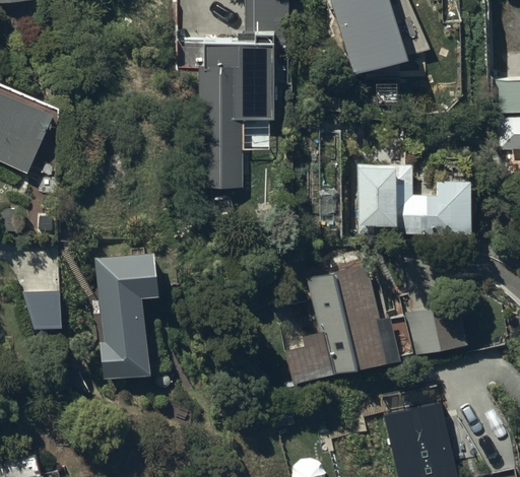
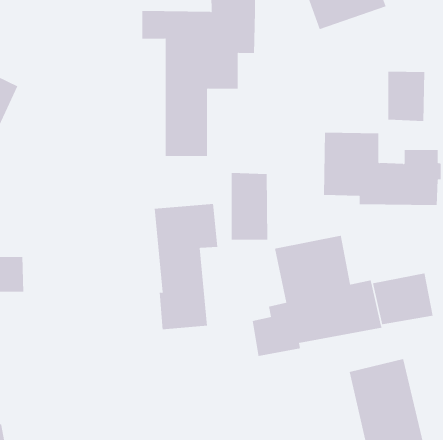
building: none -> [388,71,425,122]
building: none -> [231,172,268,240]
building: [94,254,158,380] -> [154,203,218,330]

